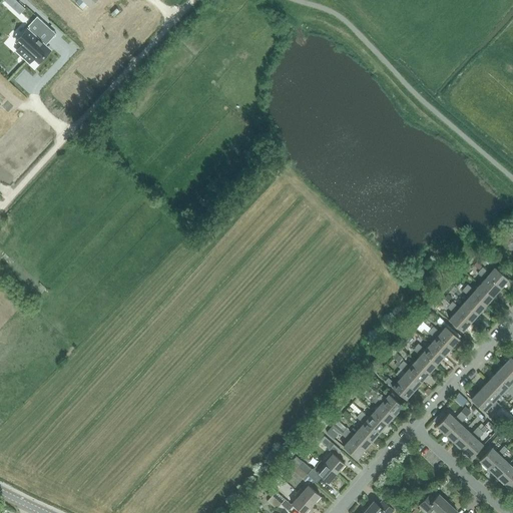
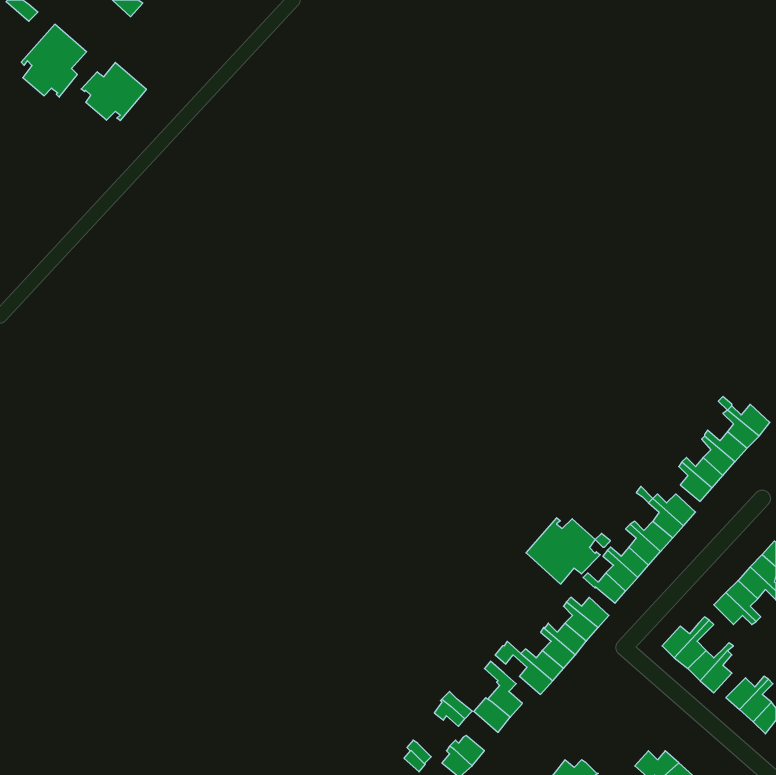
building: none -> [81,62,146,121]
building: none -> [526,518,600,584]

